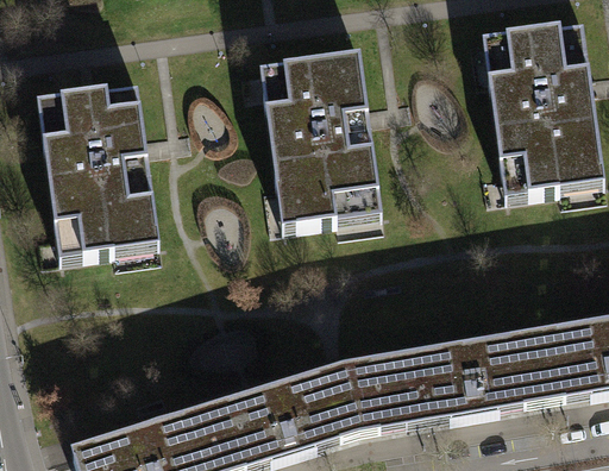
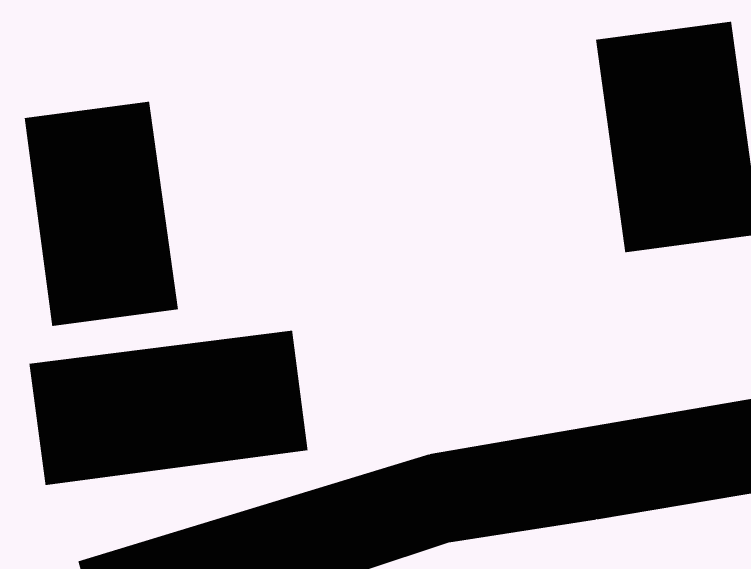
building: [259,56,385,232] -> none
building: none -> [29,330,308,486]

